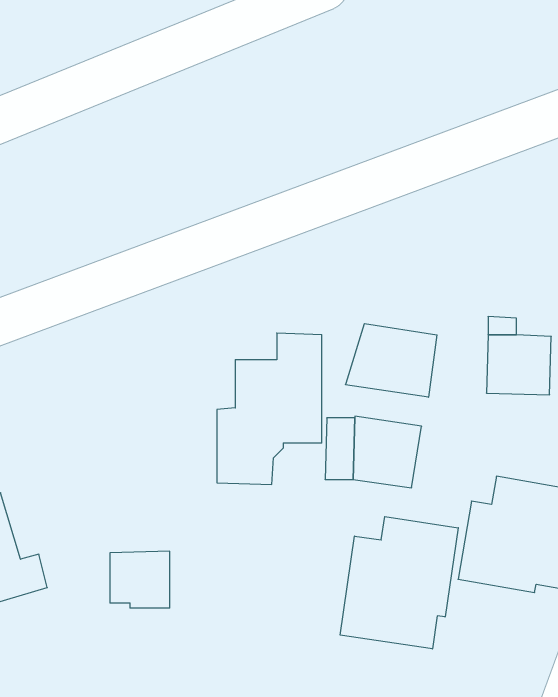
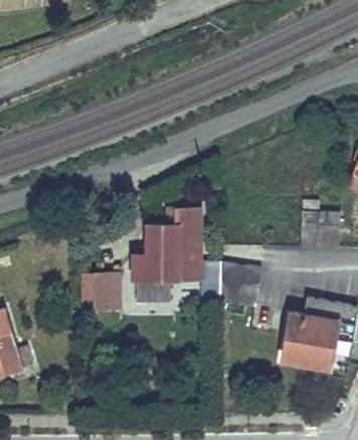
building: [346,324,437,397] -> none
building: [340,517,458,649] -> none
building: [110,551,170,608] -> [82,274,118,308]

